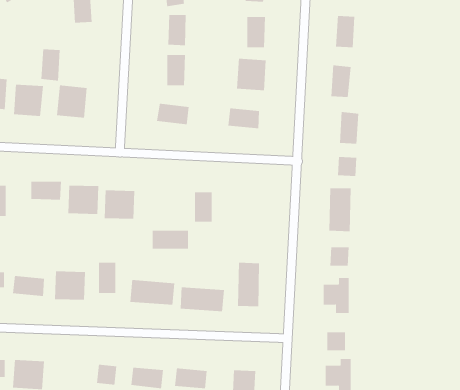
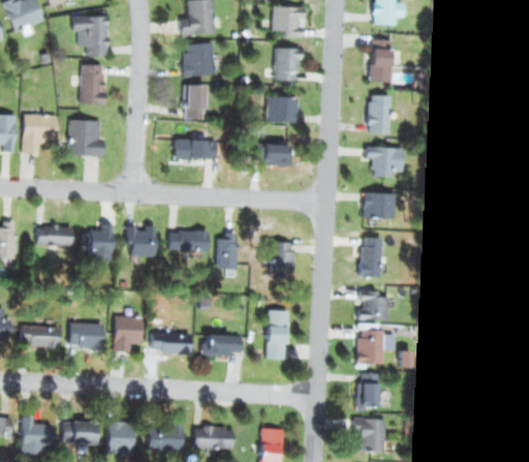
building: [41,49,61,81] -> [83,67,104,102]
building: none -> [271,243,294,279]
building: [152,230,189,249] -> [172,232,212,252]
building: none -> [65,419,101,442]

